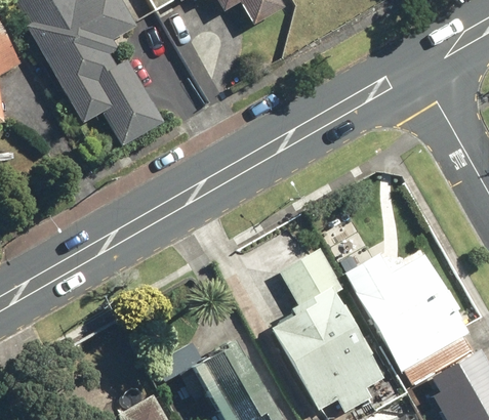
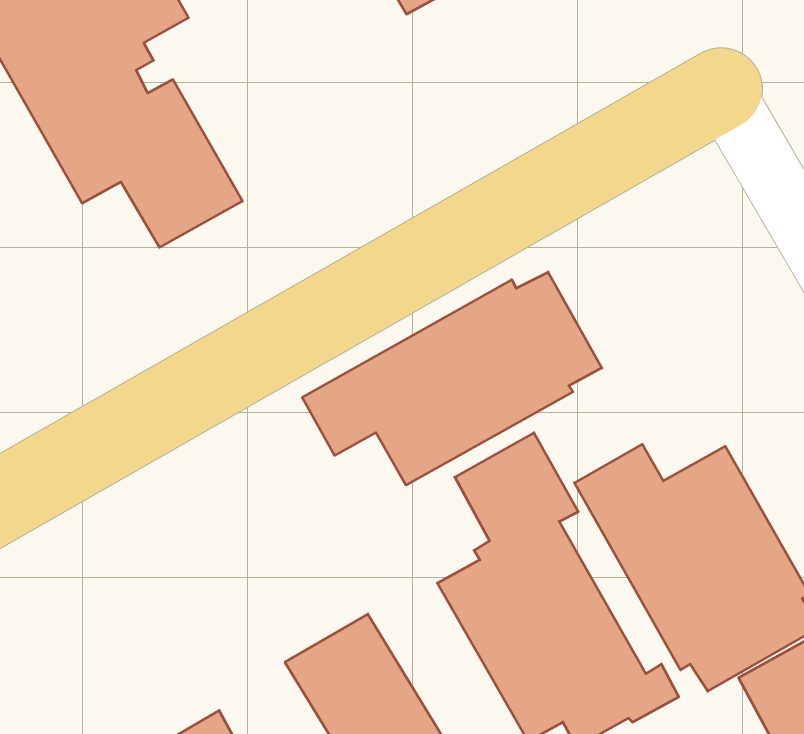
building: none -> [302,272,602,485]

